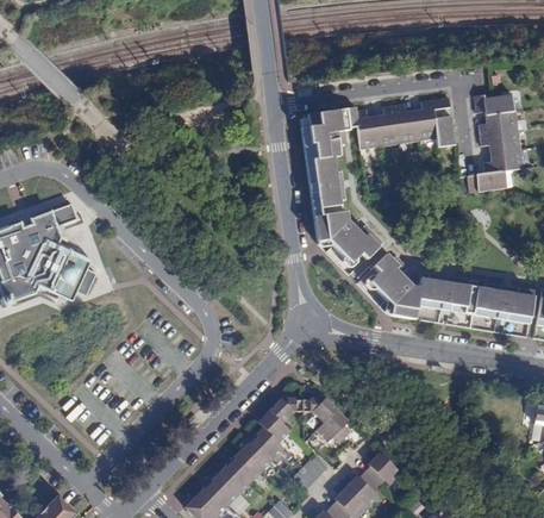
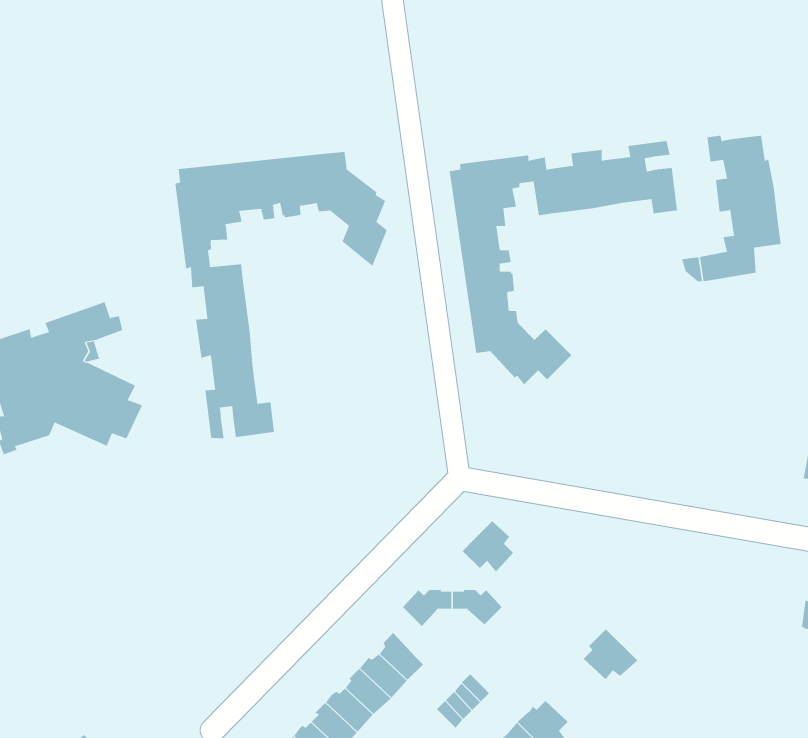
building: none -> [175,151,388,439]
building: [370,252,534,323] -> none
building: [258,408,292,442] -> none
building: [317,408,351,443] -> [462,521,514,572]
building: [365,450,402,485] -> [583,628,638,680]

